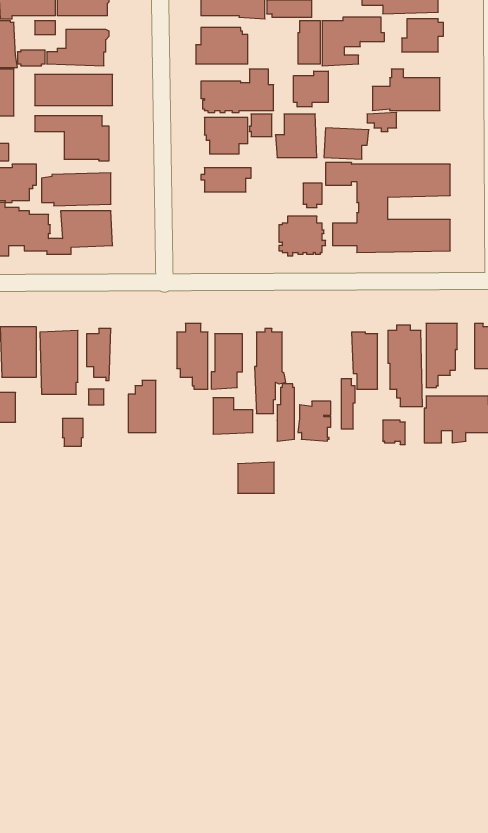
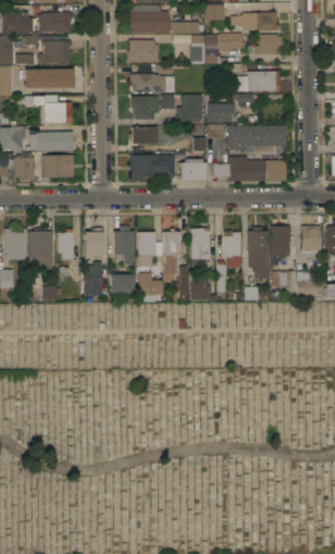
building: [294,71,328,107] -> none
building: none -> [131,153,174,180]
building: none -> [190,227,210,267]
building: none -> [84,231,102,255]
building: [238,462,274,493] -> [111,273,134,293]

